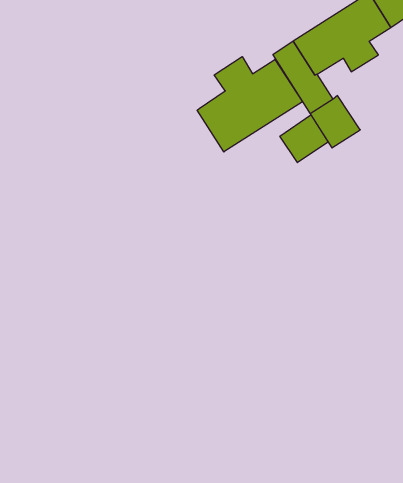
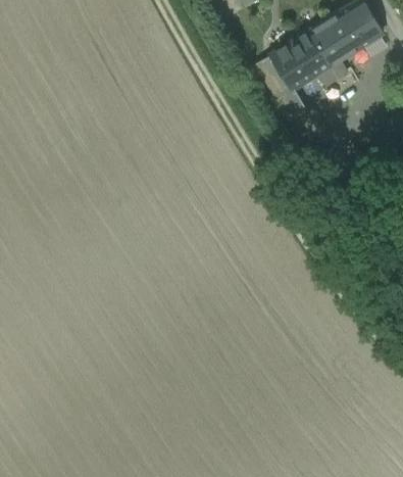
building: [197,57,303,152] -> none
building: [280,115,328,163] -> none

